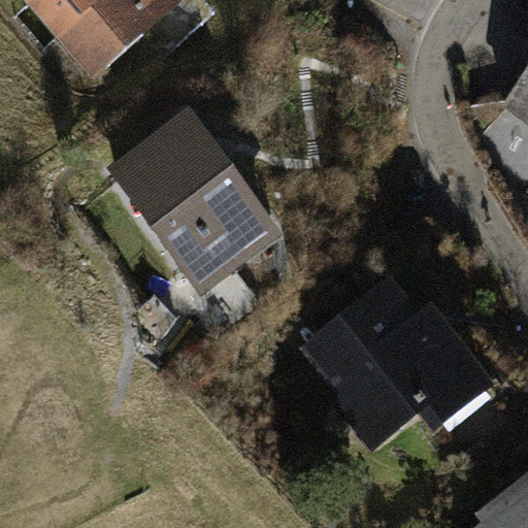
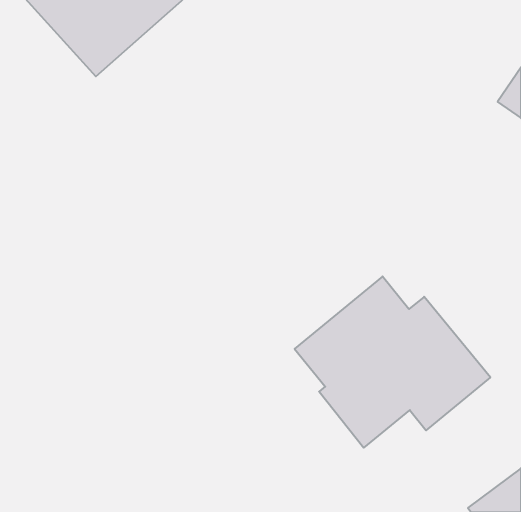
building: [109,110,276,293] -> none

